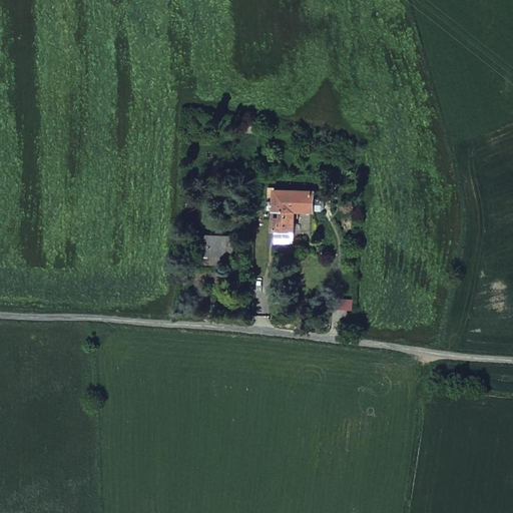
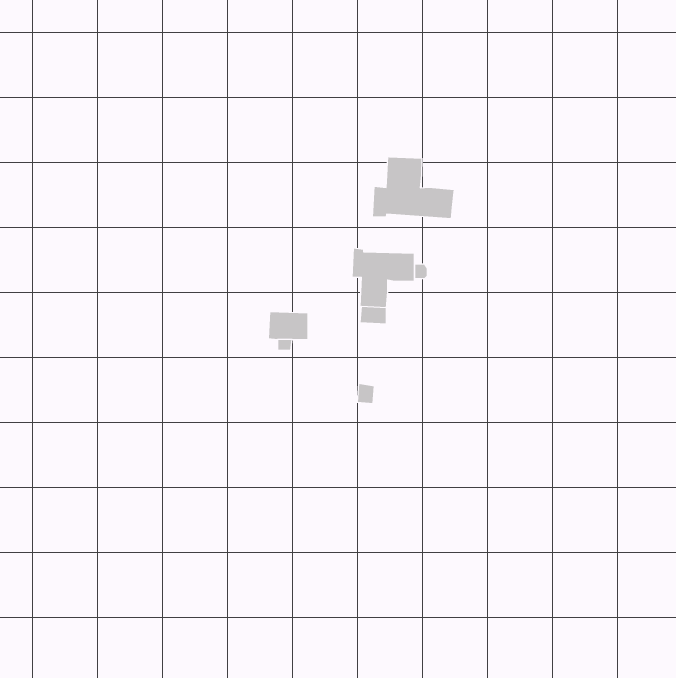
building: none -> [372,157,454,219]

